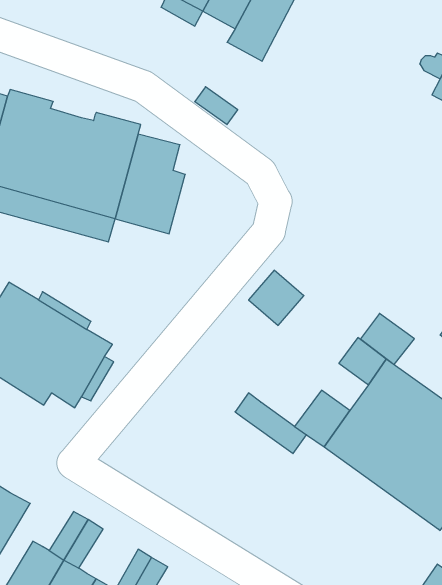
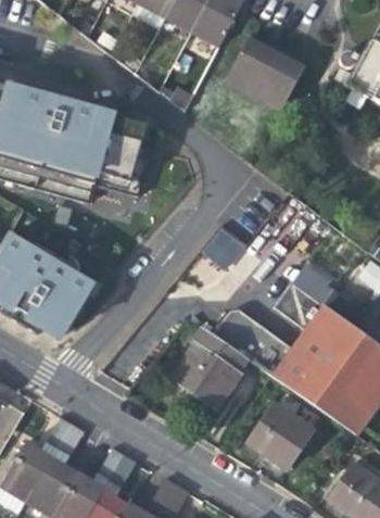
building: none -> [224,36,303,111]
building: none -> [212,305,261,351]
building: none -> [170,342,240,408]
building: none -> [248,401,313,467]

